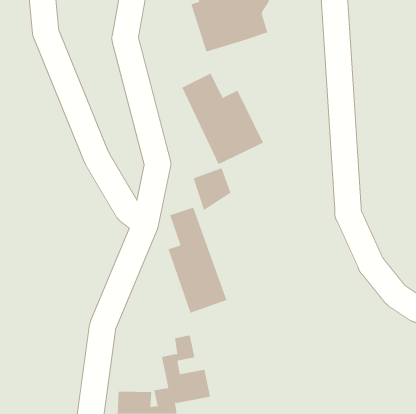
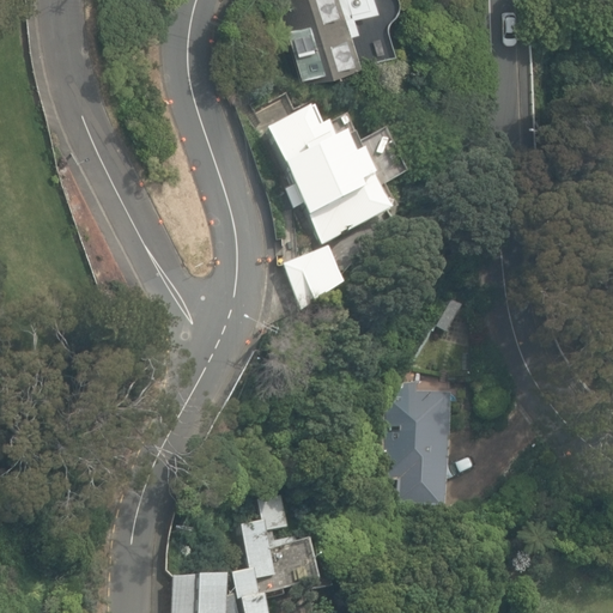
building: [168,207,227,313] -> none
building: none -> [397,388,450,504]

